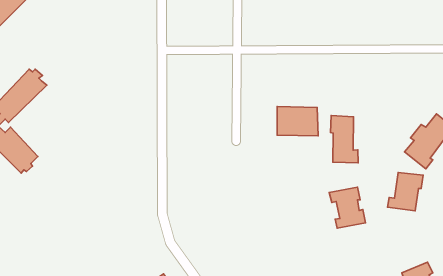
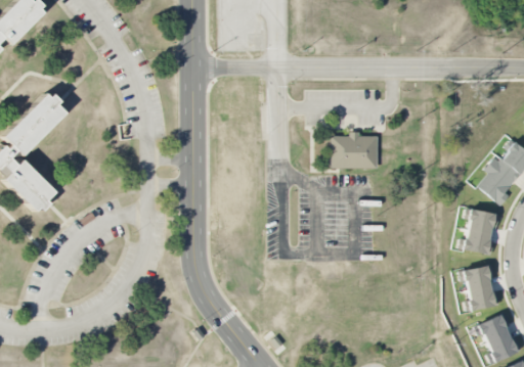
building: [331,115,358,163] -> none
building: [329,187,366,228] -> [458,265,500,312]

